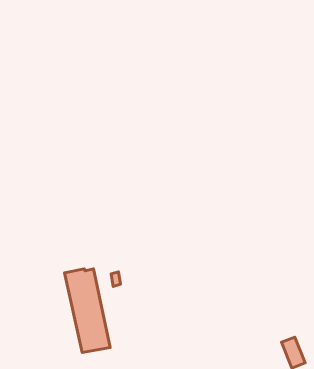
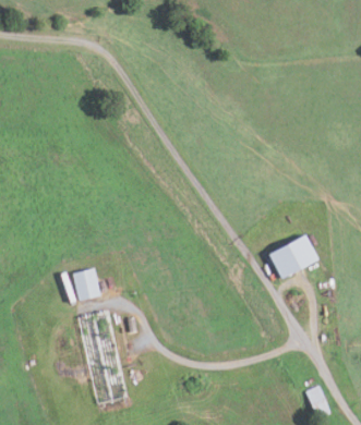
building: none -> [268,234,318,279]
building: none -> [73,269,100,301]

